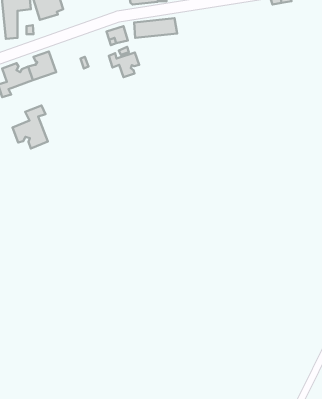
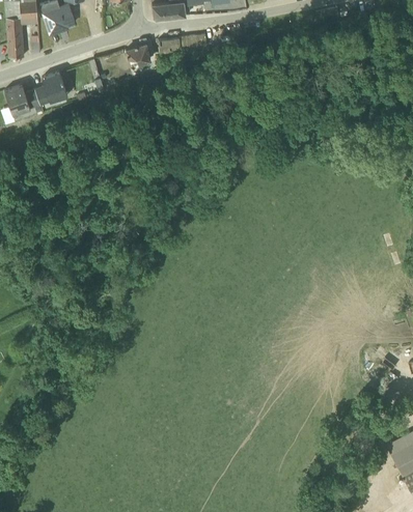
building: [109,53,139,77] -> none
building: [13,105,48,149] -> none

